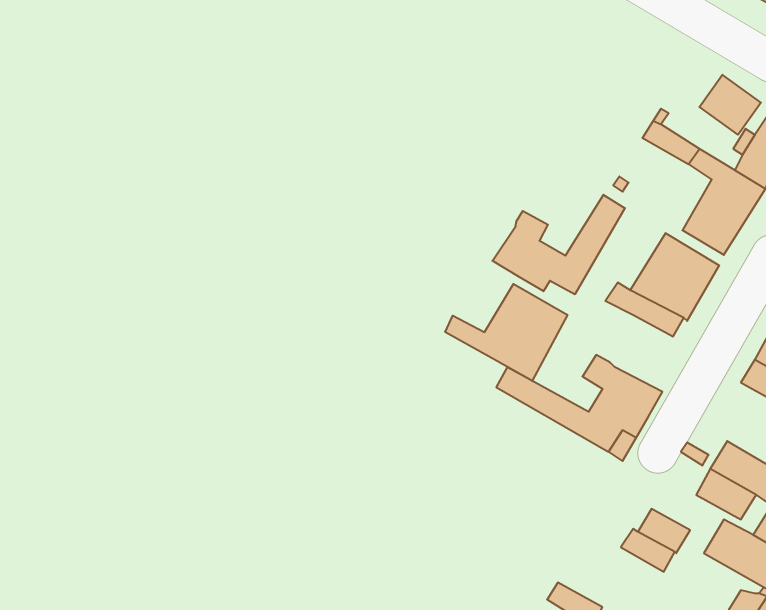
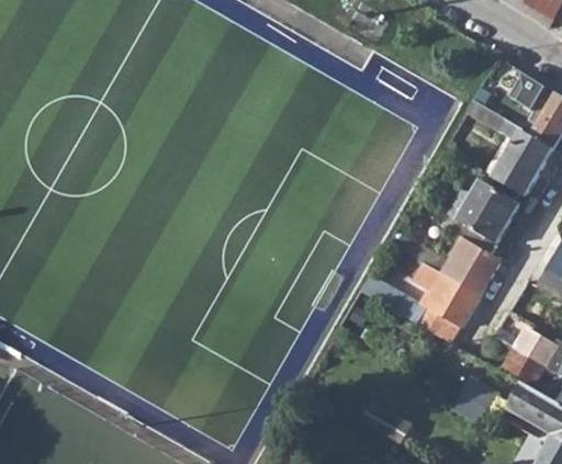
building: [492,195,625,294] -> none
building: [445,284,567,381] -> none
building: none -> [440,238,497,293]

